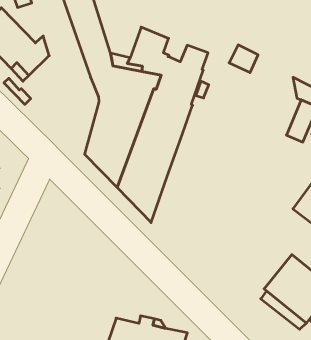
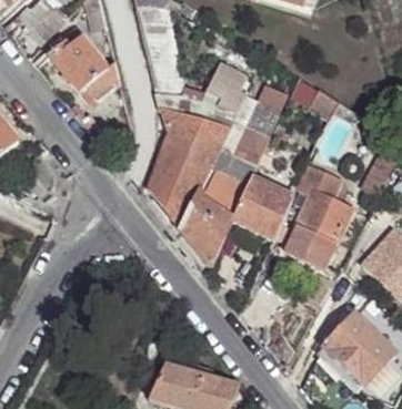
building: none -> [285,165,352,267]
building: none -> [232,175,294,238]

